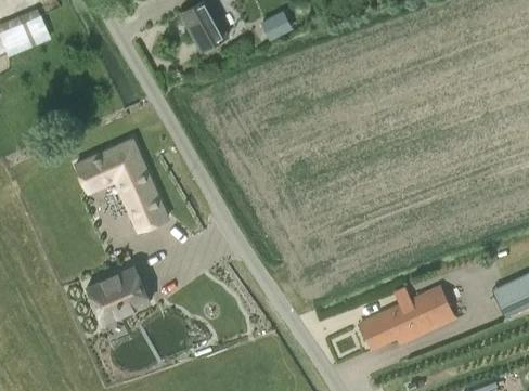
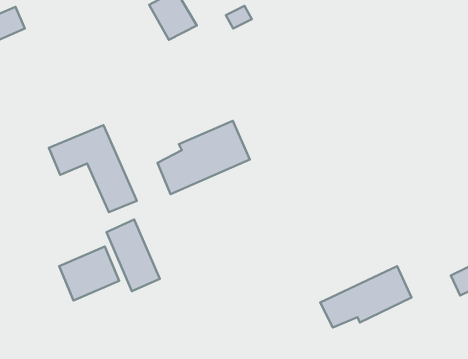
building: none -> [157,121,250,194]
building: none -> [106,220,160,291]

